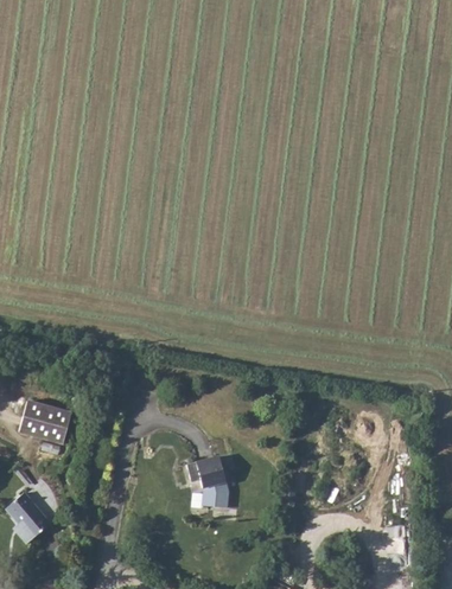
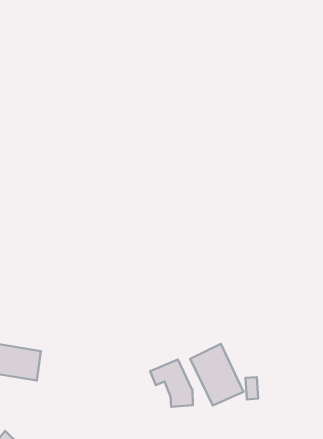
building: none -> [190,344,243,406]

